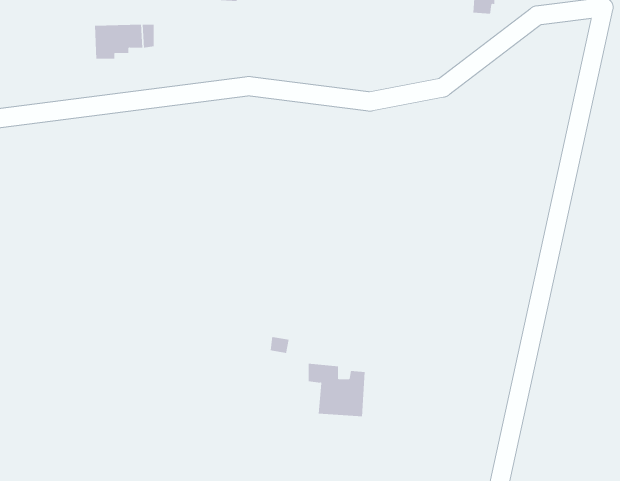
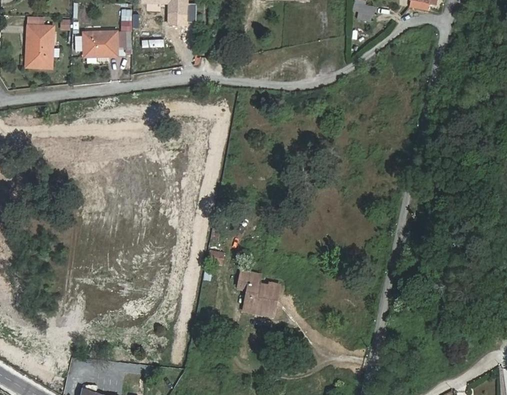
building: none -> [27,26,53,68]

